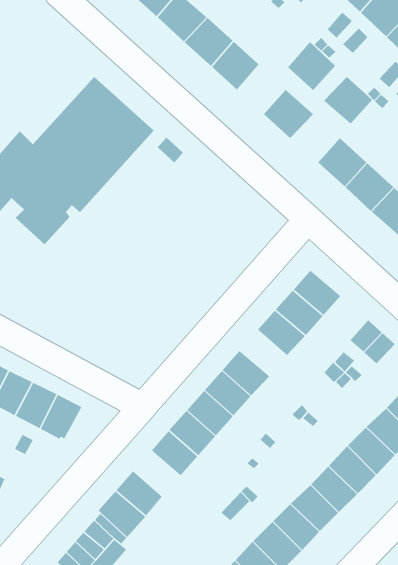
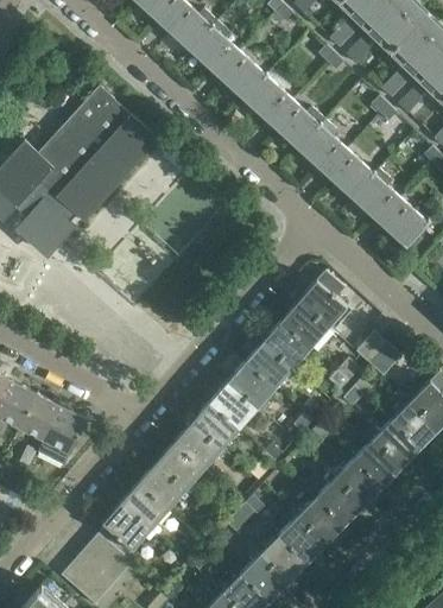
building: [287,41,336,91] -> [242,75,291,125]
building: [323,76,373,124] -> [296,125,346,173]
building: none -> [245,342,292,388]
building: none -> [138,463,185,509]

